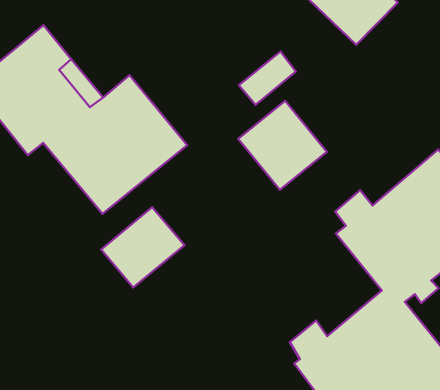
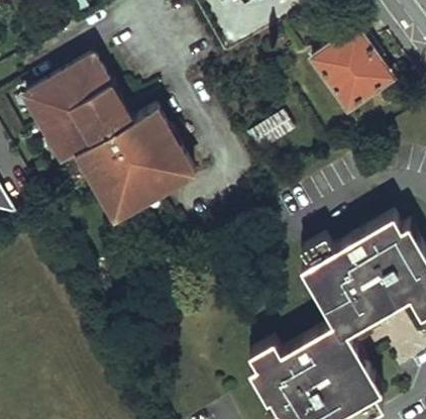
building: [238,101,327,190] -> none
building: [101,207,184,287] -> none

